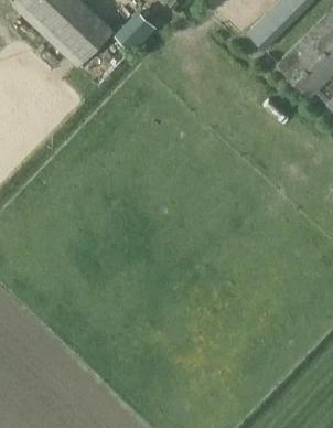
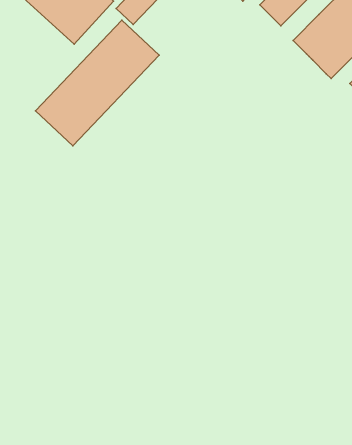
building: none -> [36,20,159,146]

